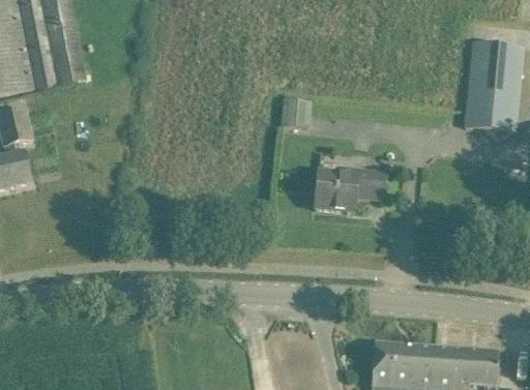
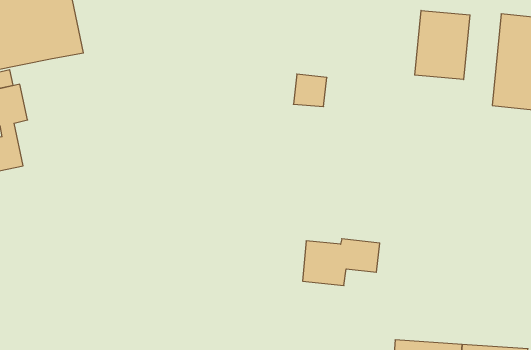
building: none -> [415,10,470,80]
building: [314,169,385,212] -> [303,239,380,286]

